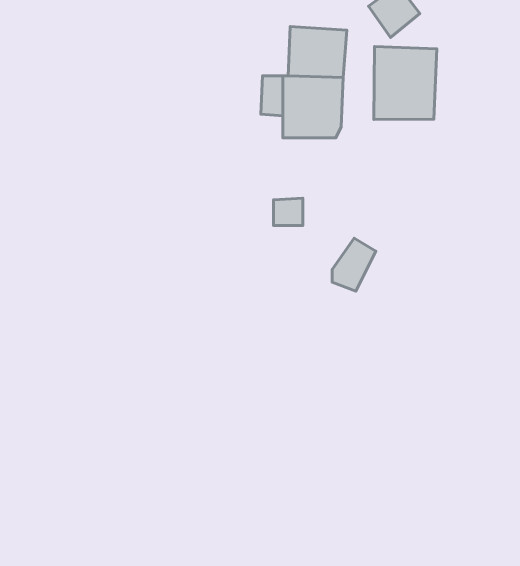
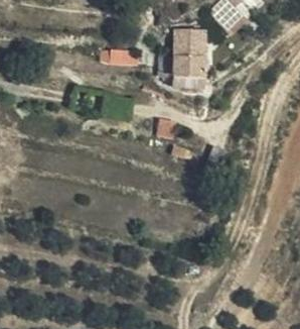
building: [374,46,437,119] -> none

